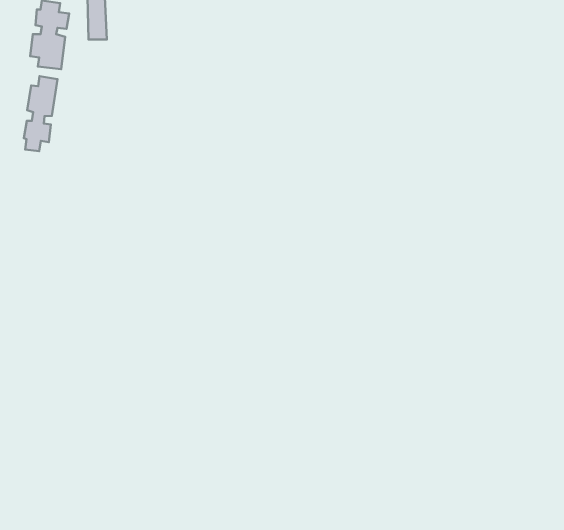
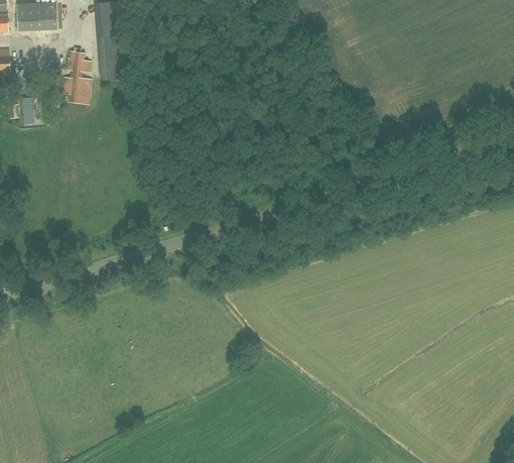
building: [24,76,58,151] -> none

